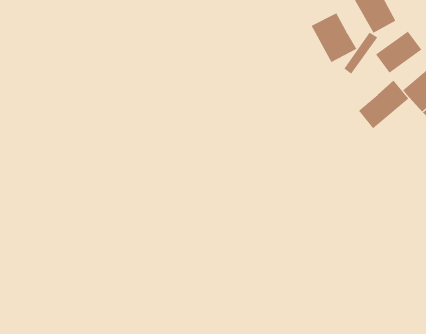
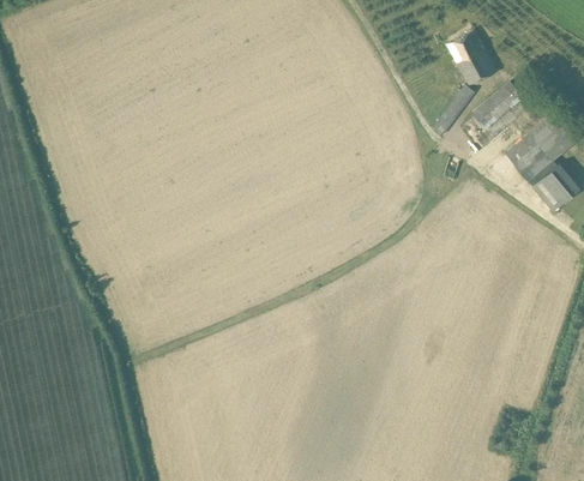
building: [311,13,357,63] -> none
building: [358,80,409,129] -> none

